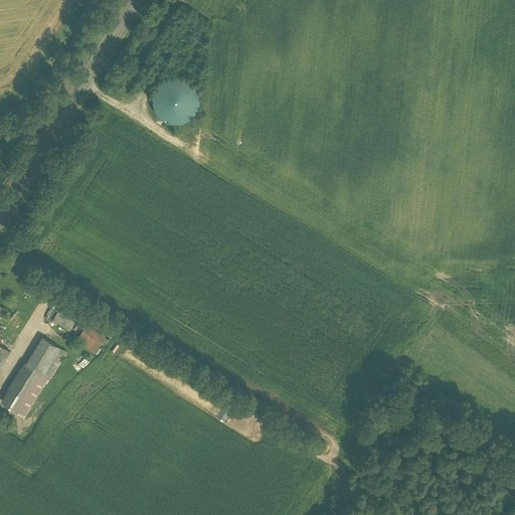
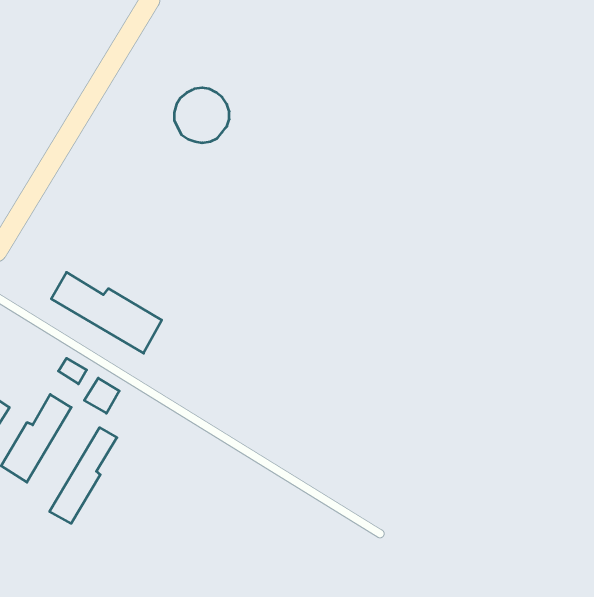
building: none -> [51,272,162,353]
building: none -> [50,428,117,523]

